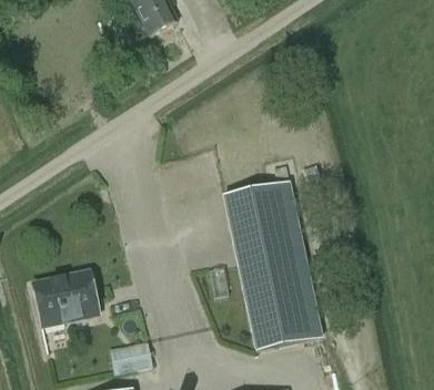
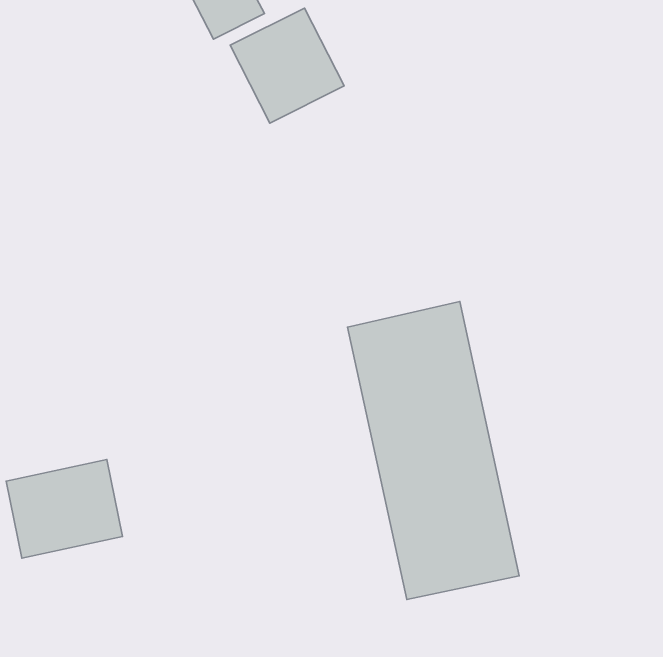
building: none -> [230,8,344,123]
building: [110,341,152,371] -> none

